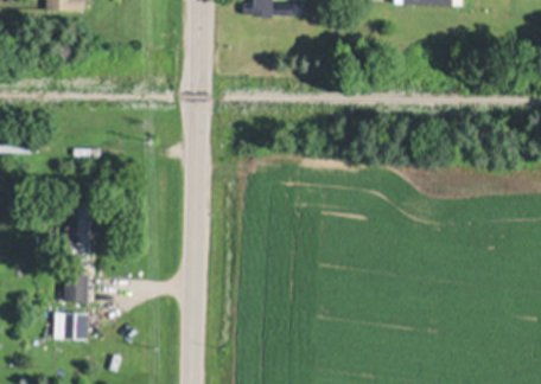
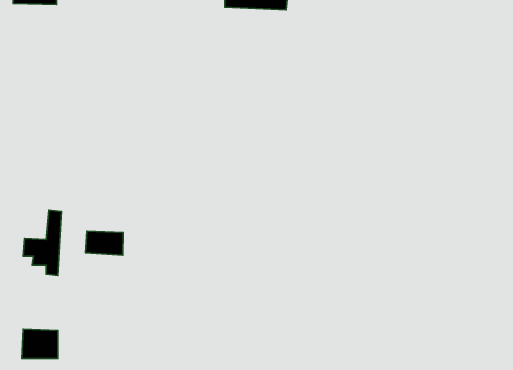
building: none -> [85,231,123,255]
building: [64,274,89,301] -> none

